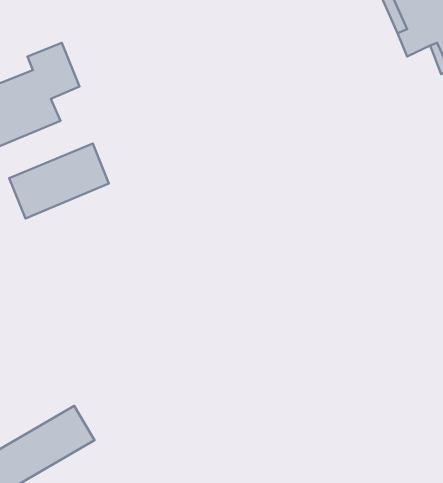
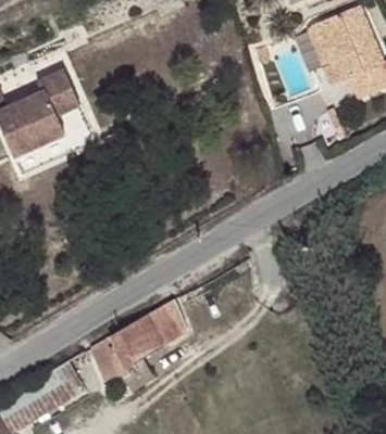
building: [9,144,109,218] -> none
building: none -> [91,298,188,391]

